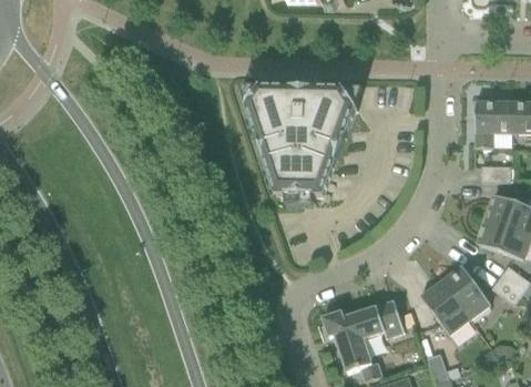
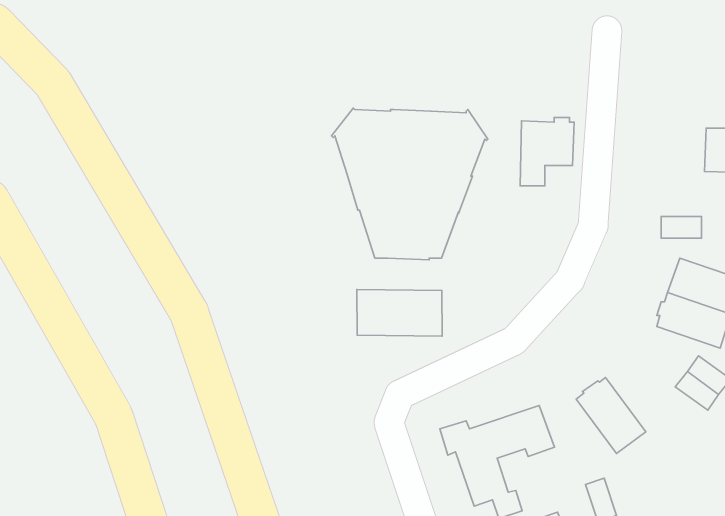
building: [474,99,513,147] -> [520,118,574,186]
building: none -> [357,289,442,336]
building: [441,265,490,319] -> none

